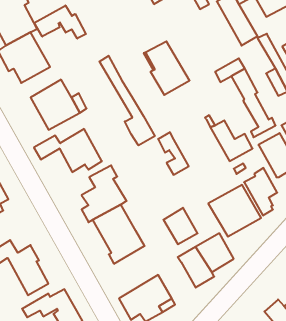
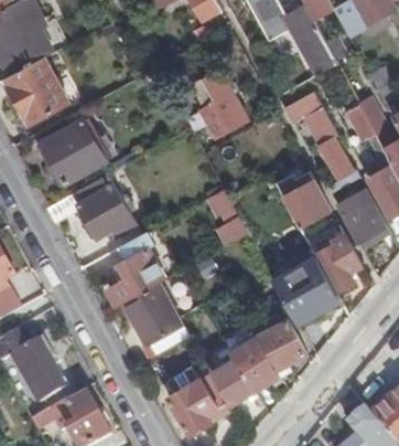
building: [34,5,86,39] -> none
building: [99,56,155,145] -> none
building: [163,208,198,244] -> [212,355,256,403]

